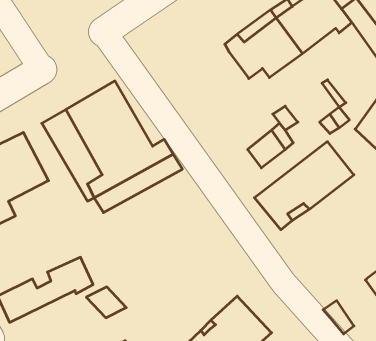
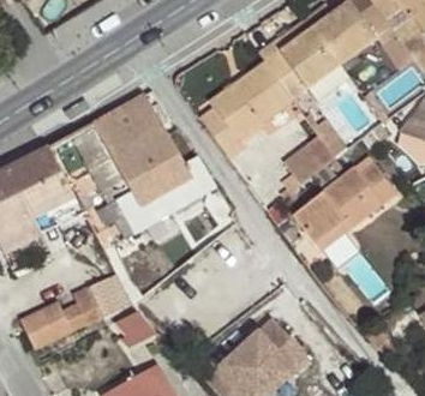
building: none -> [199,62,292,157]

